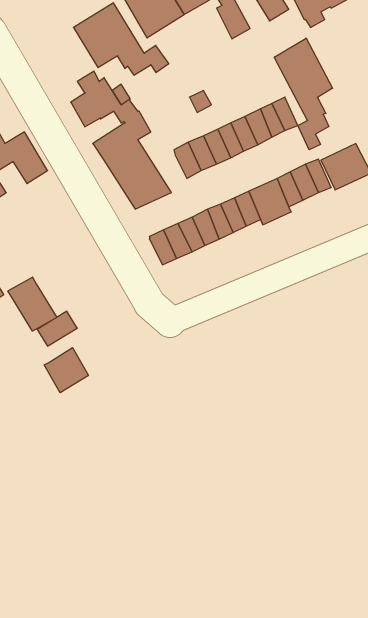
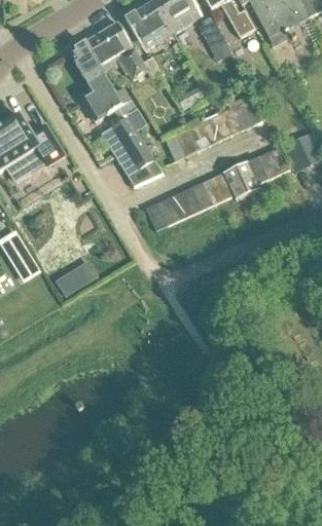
building: none -> [68,41,109,84]
building: [274,38,333,150] -> none
building: [8,277,57,331] -> none
building: [44,348,88,393] -> none

